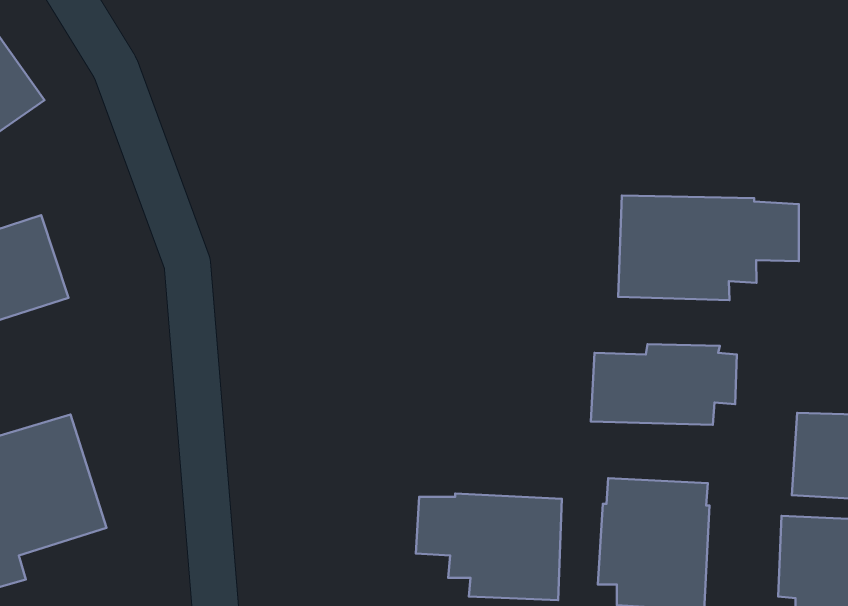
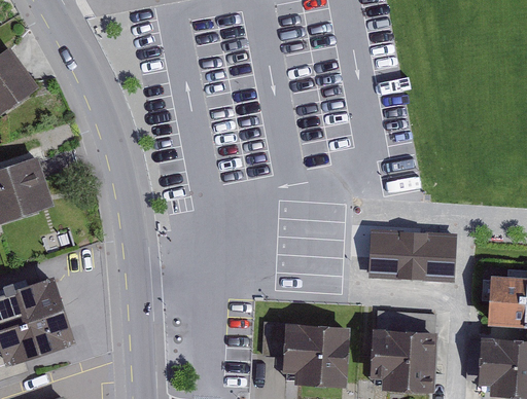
building: [618,195,799,300] -> none

